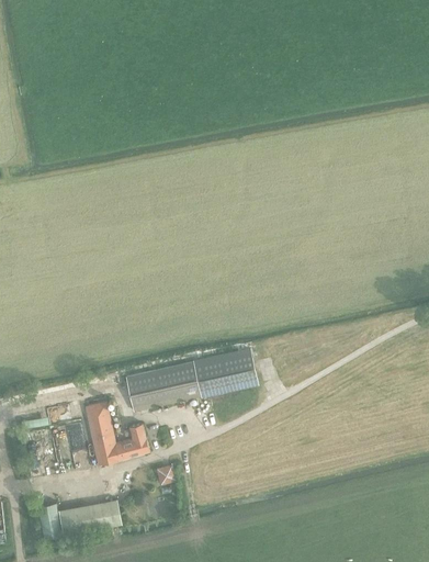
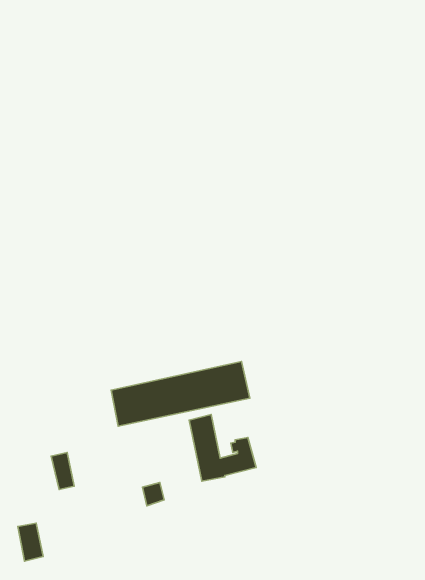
building: [84,401,148,464] -> [189,414,256,481]
building: [57,498,121,533] -> none

